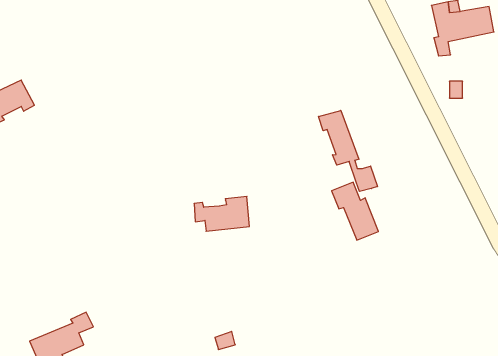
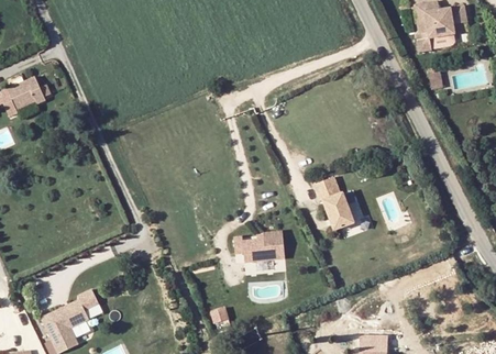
building: [319,110,377,191] -> none
building: [194,196,249,231] -> [236,229,287,261]

